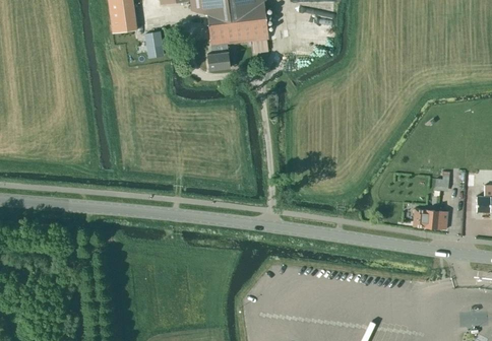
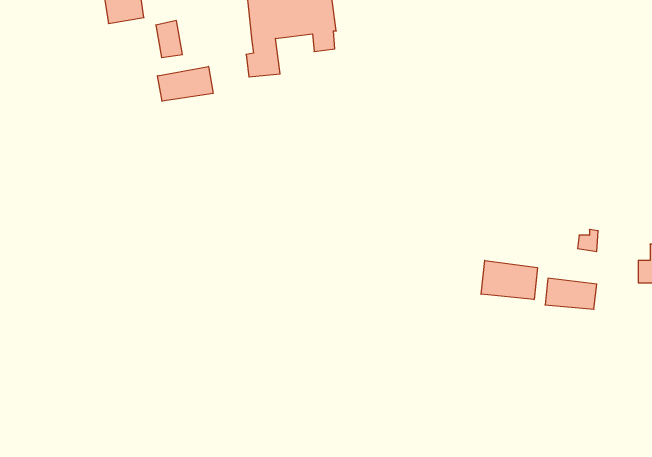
building: none -> [157,66,213,101]
building: none -> [481,260,537,300]

